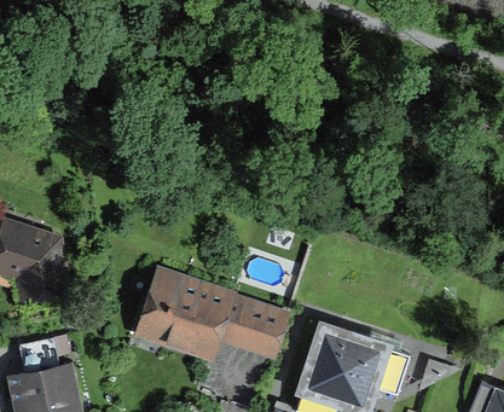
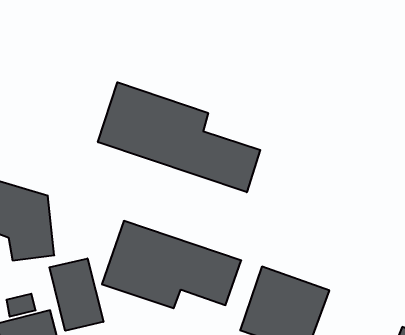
building: none -> [98,82,260,192]
building: none -> [49,258,103,331]

